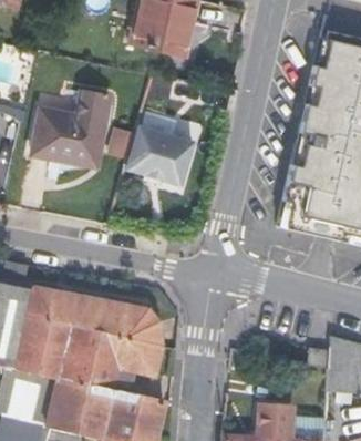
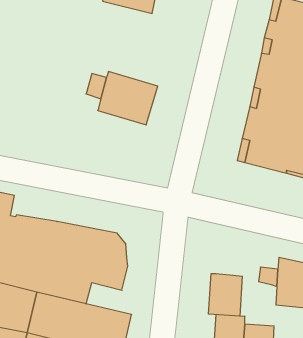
building: [33,88,111,165] -> none
building: none -> [208,274,242,316]

